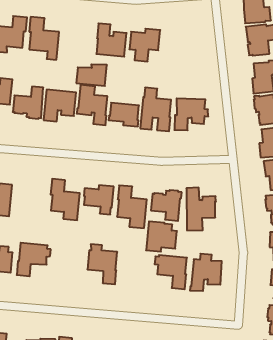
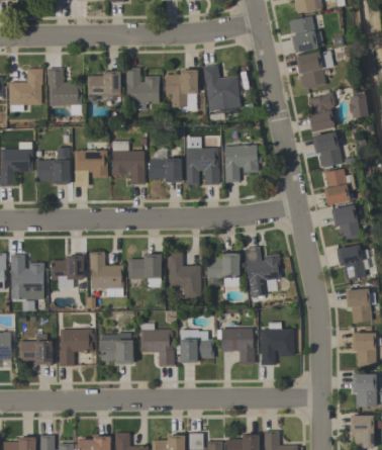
building: none -> [202,65,241,110]
building: [76,64,107,86] -> [87,70,120,94]
building: none -> [50,255,83,288]
building: [146,221,177,252] -> [180,330,213,363]
building: none -> [100,333,132,364]

